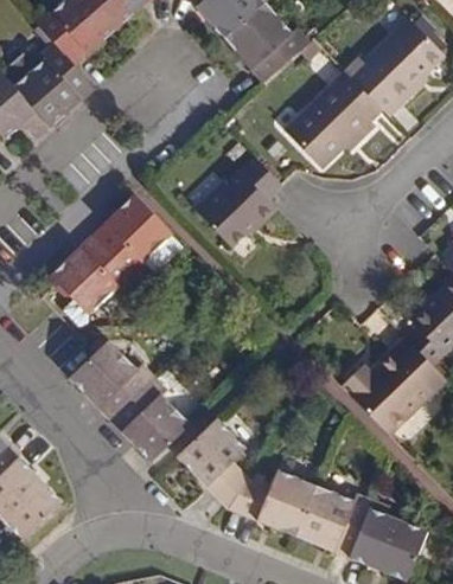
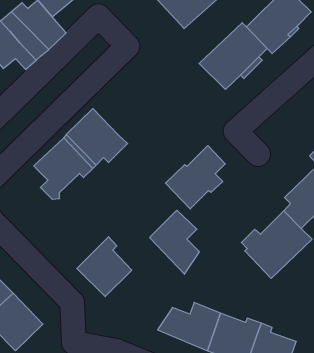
building: [198,158,283,248] -> [165,146,225,209]
building: [70,338,157,421] -> none
building: [177,417,248,508] -> [150,210,199,274]

